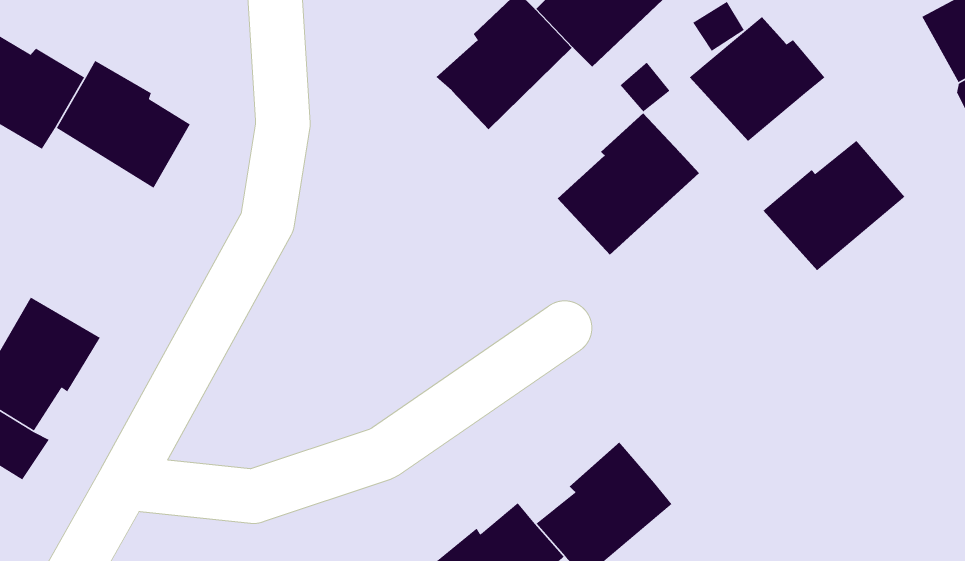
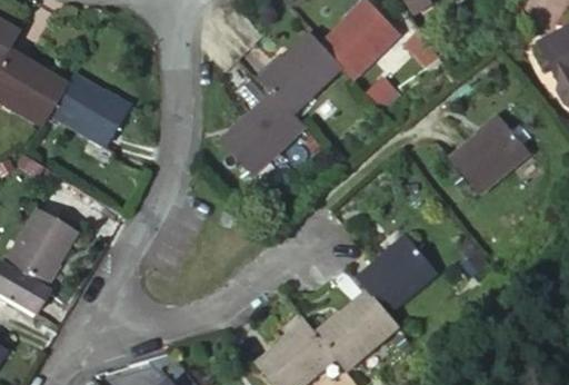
building: [689,16,826,142] -> none
building: [557,113,700,255] -> [223,90,305,171]
building: none -> [357,238,437,313]

